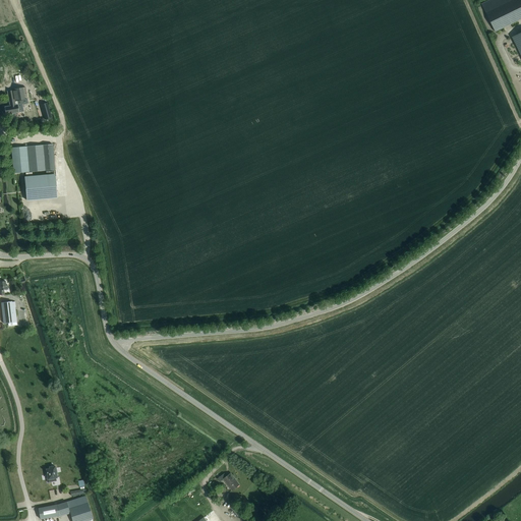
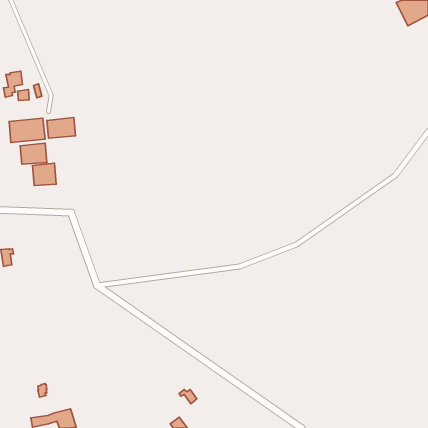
building: none -> [47,117,76,138]
building: none -> [32,163,56,186]

